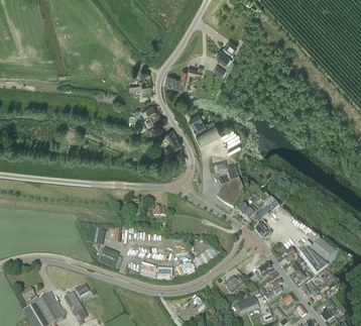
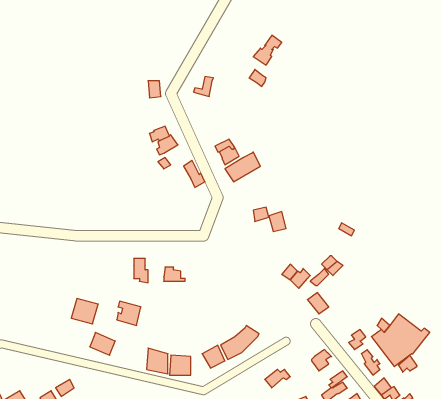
building: [216,179,243,207] -> none

